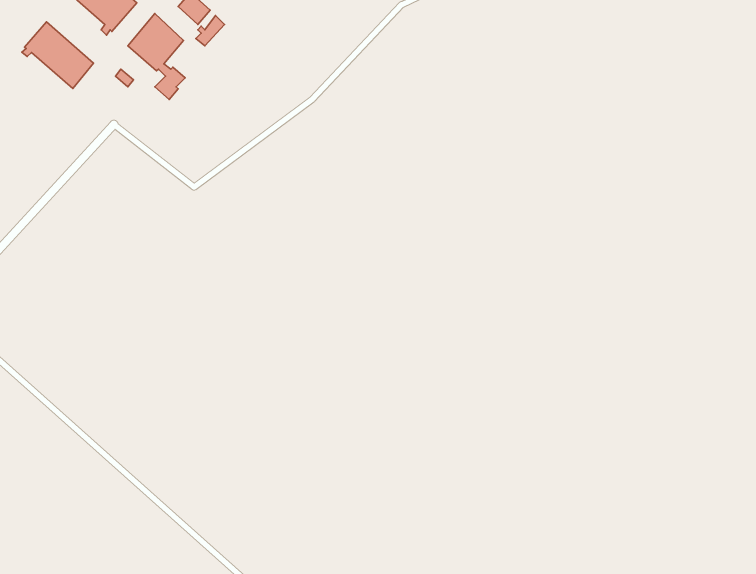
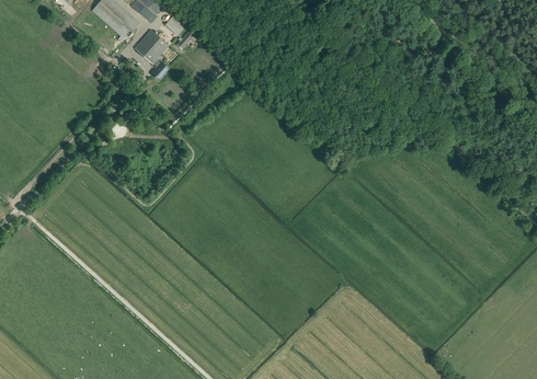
building: [22,22,94,88] -> none

